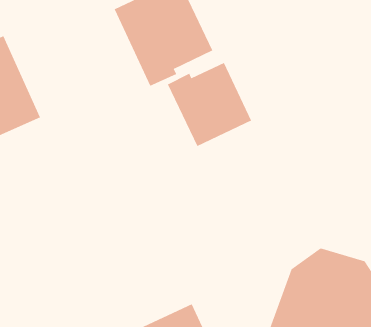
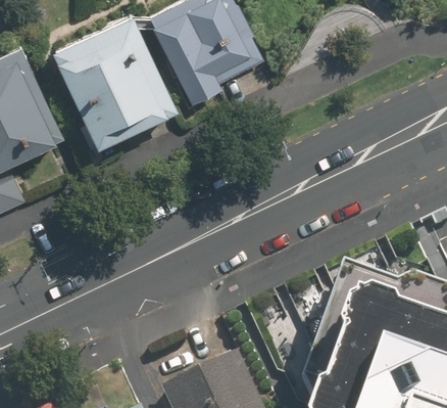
building: none -> [49,13,178,151]
building: [167,62,252,147] -> none

